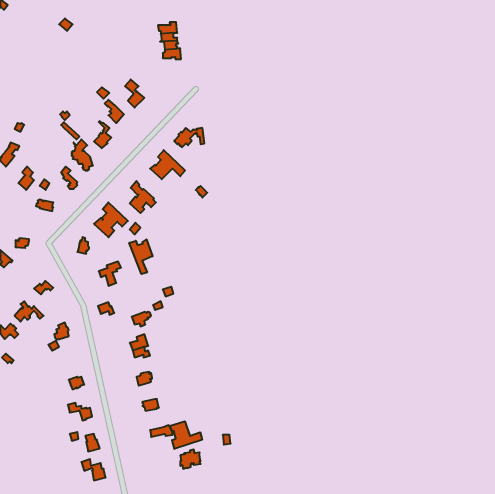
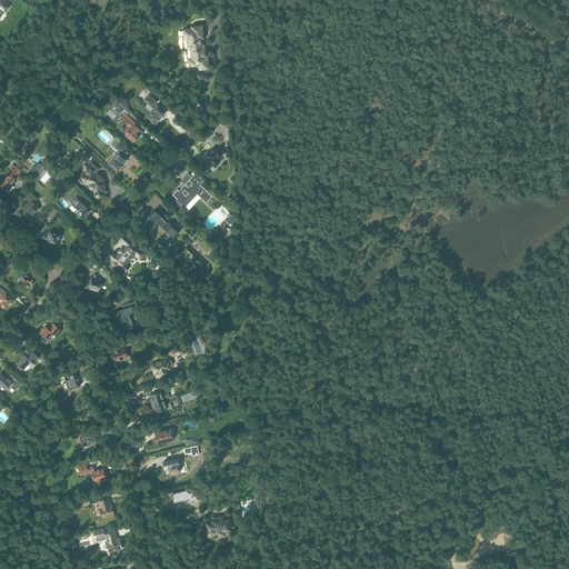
building: [129,239,153,274] -> none
building: [170,421,202,449] -> none

